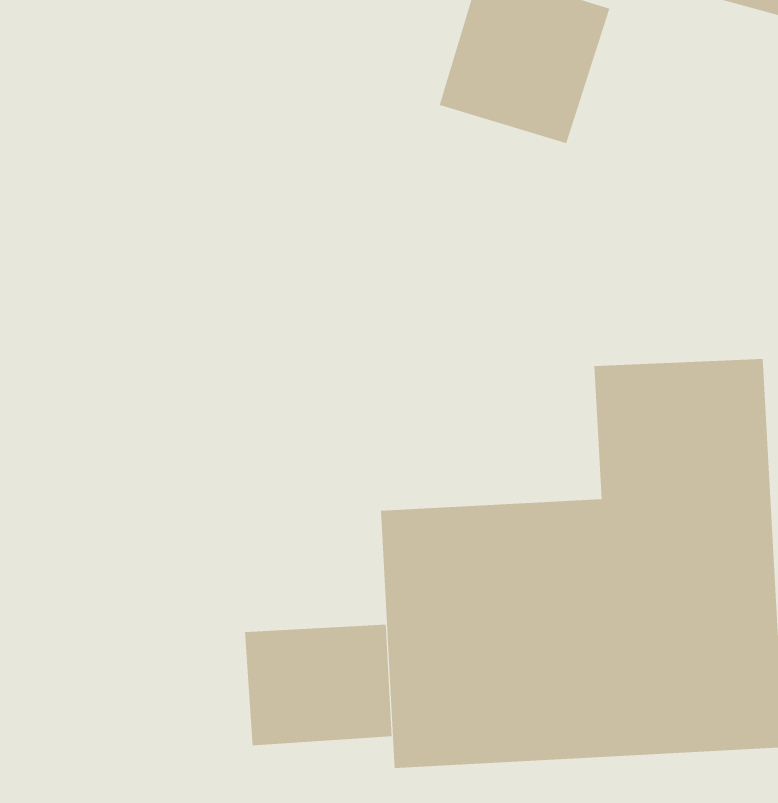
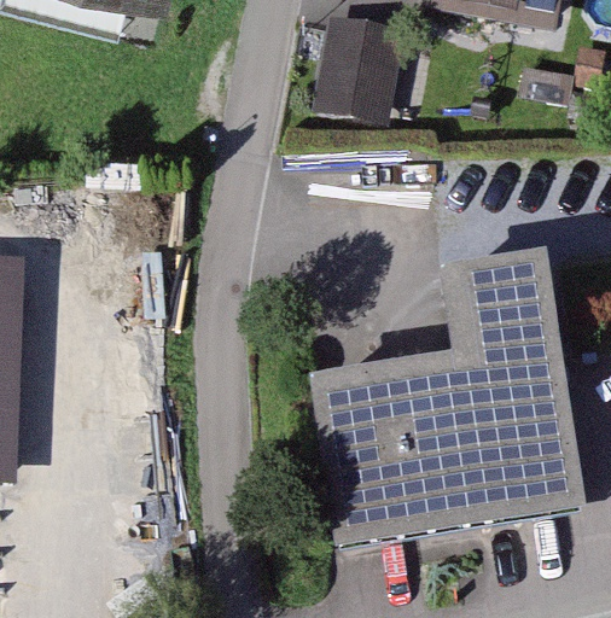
building: [245,624,392,746] -> none

